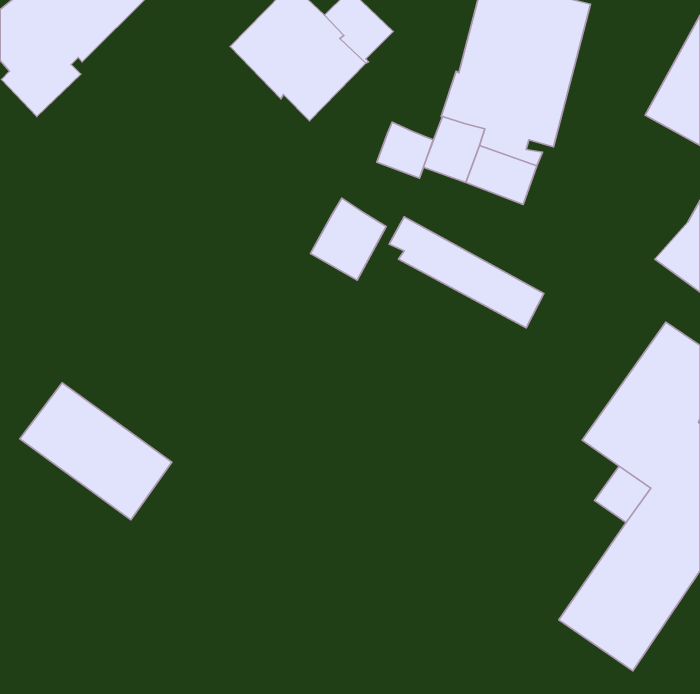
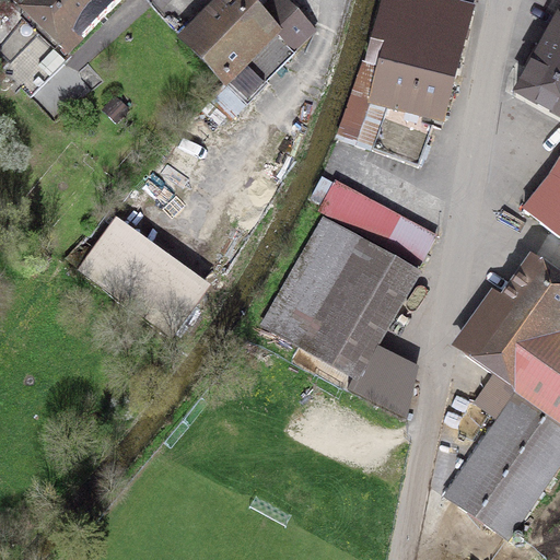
building: [377,122,433,178] -> none
building: [311,198,386,280] -> none
building: none -> [261,215,417,415]
building: [20,383,172,520] -> [82,223,203,332]

